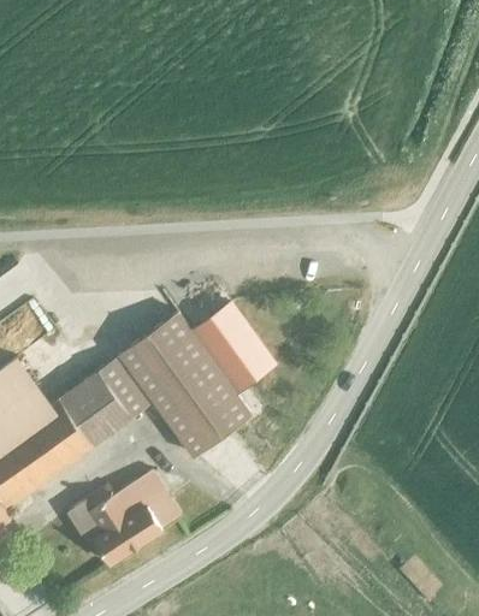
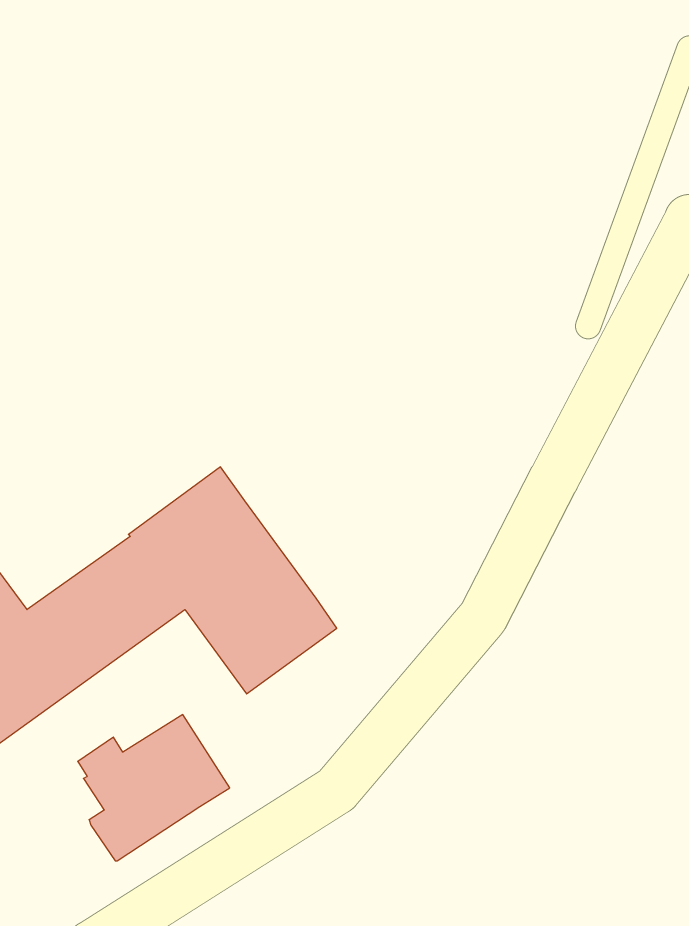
building: [191,307,277,397] -> none
building: [66,502,101,546] -> none

